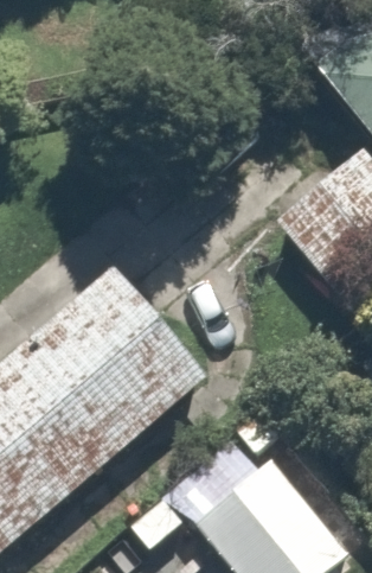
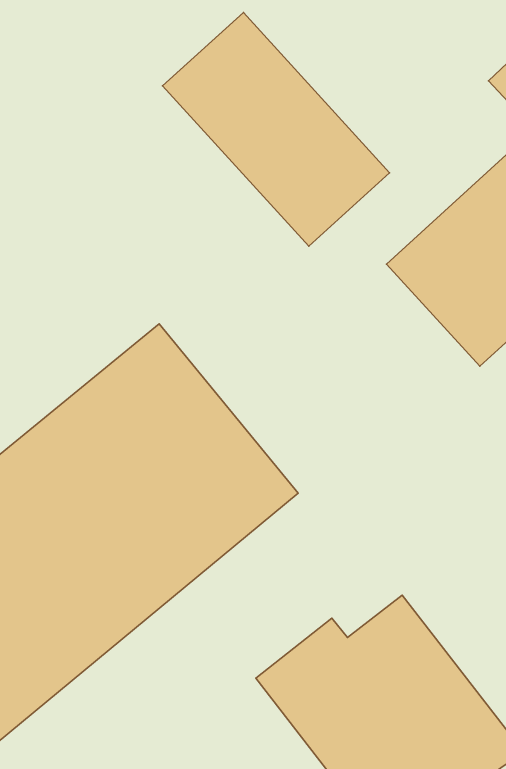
building: none -> [163,12,390,246]

